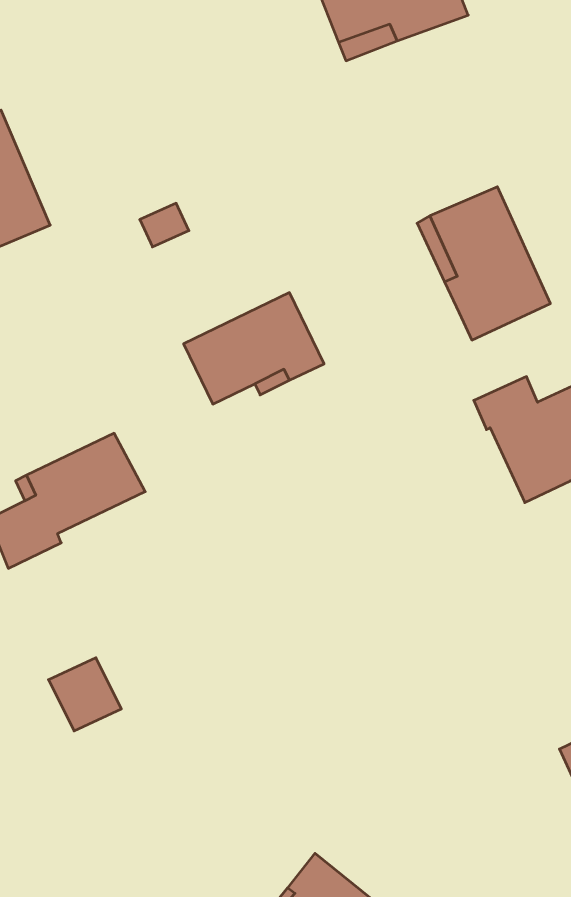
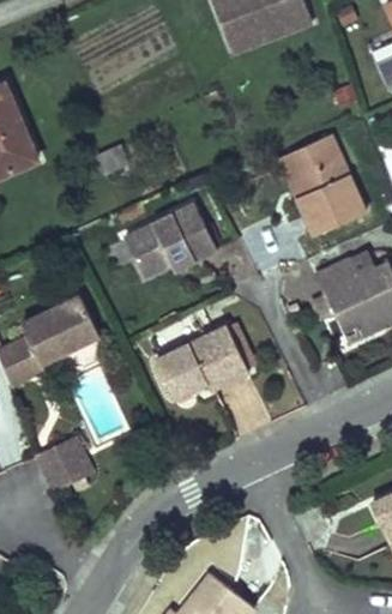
building: none -> [156,325,249,398]

